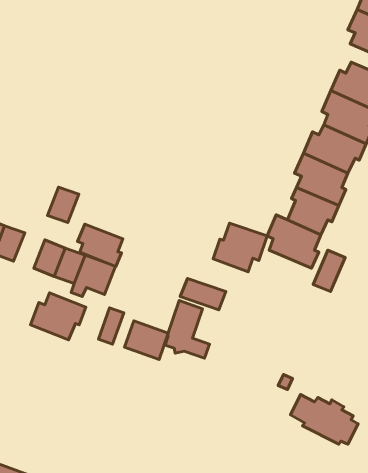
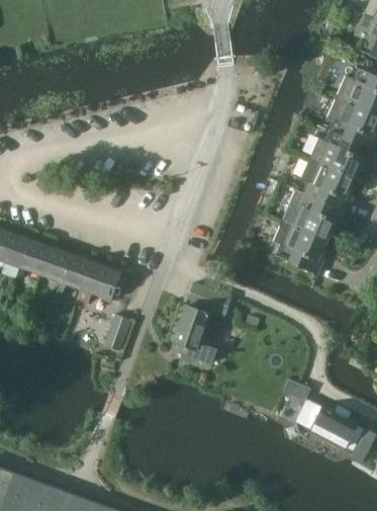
building: [48,187,79,222] -> [19,238,51,273]
building: [213,223,267,272] -> none
building: [78,224,123,266] -> none
building: [313,250,345,292] -> none
building: [30,293,86,340] -> none
building: [125,321,168,359] -> none

